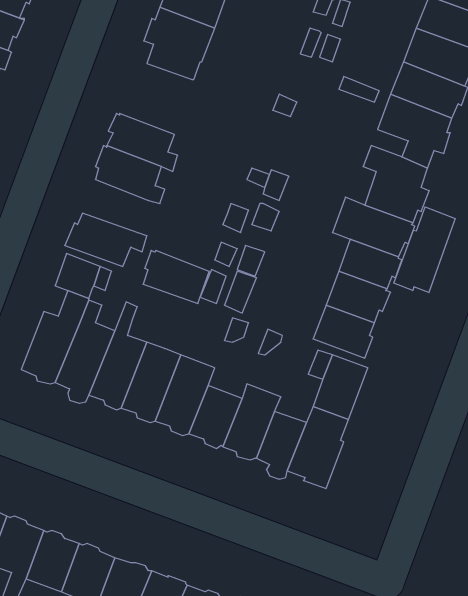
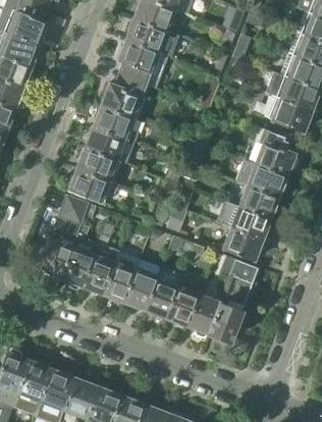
building: none -> [101,75,147,120]
building: [394,207,455,293] -> none
building: [143,250,209,304] -> [77,149,119,182]

